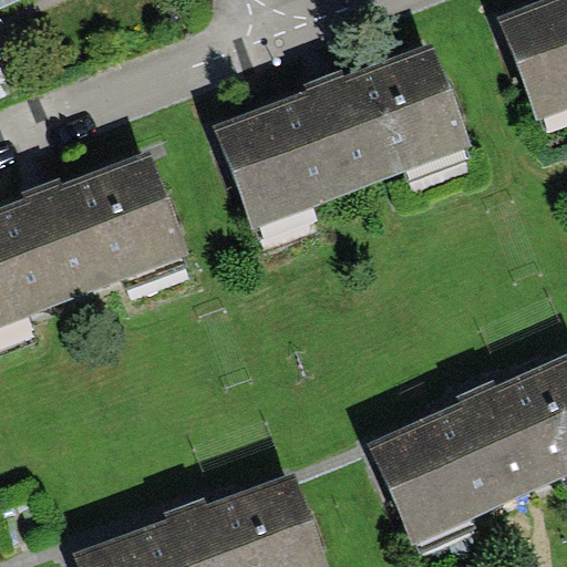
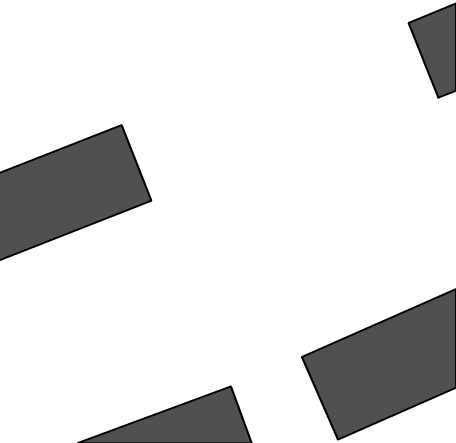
building: [218,49,468,226] -> none

